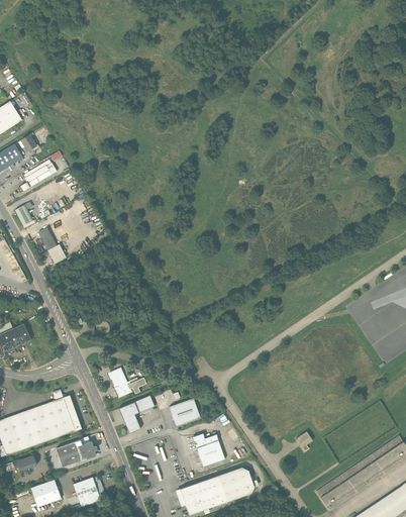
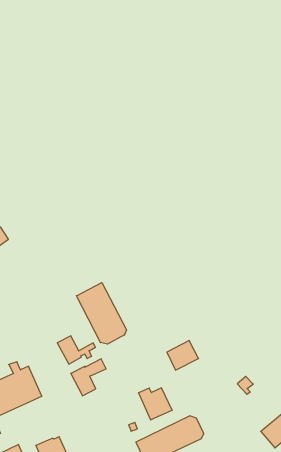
building: none -> [76,283,126,344]
building: [166,396,199,426] -> [167,340,199,370]
building: [56,439,96,467] -> none

